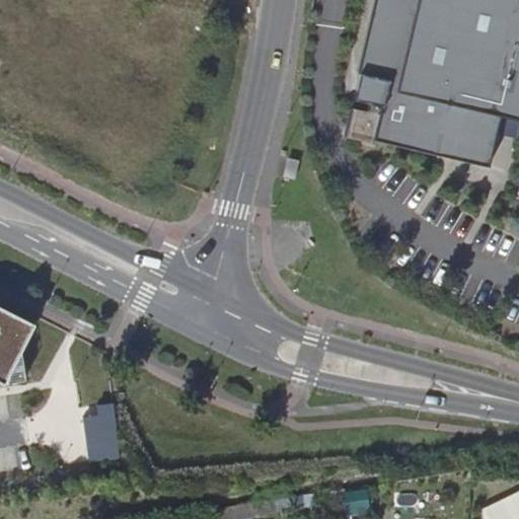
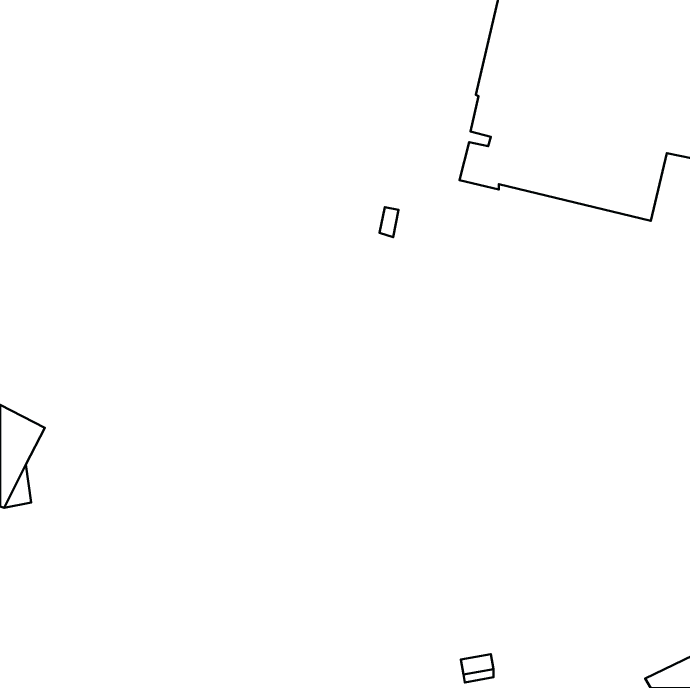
building: [84,397,122,460] -> none

